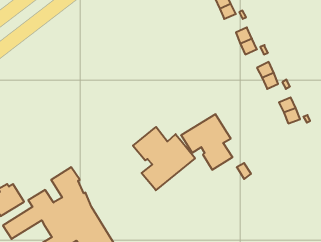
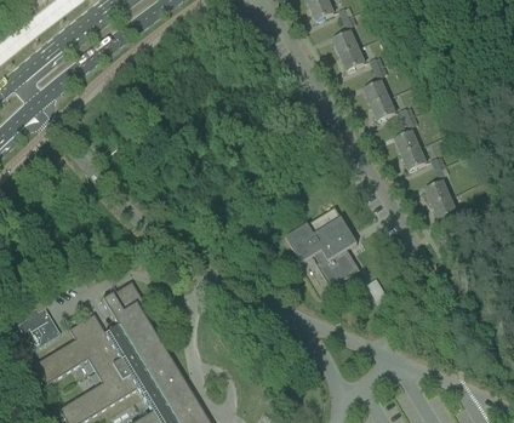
building: [133,127,195,190] -> none

